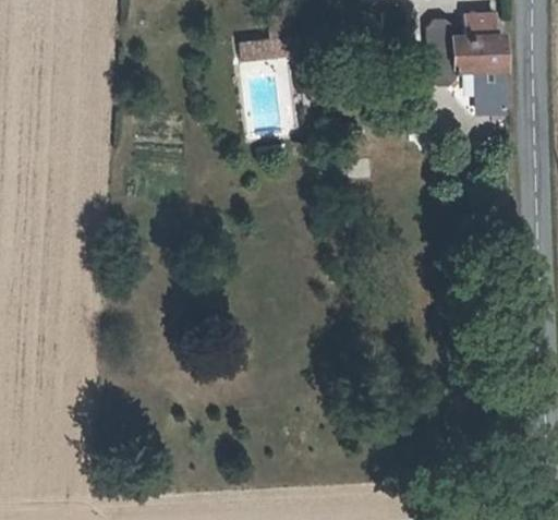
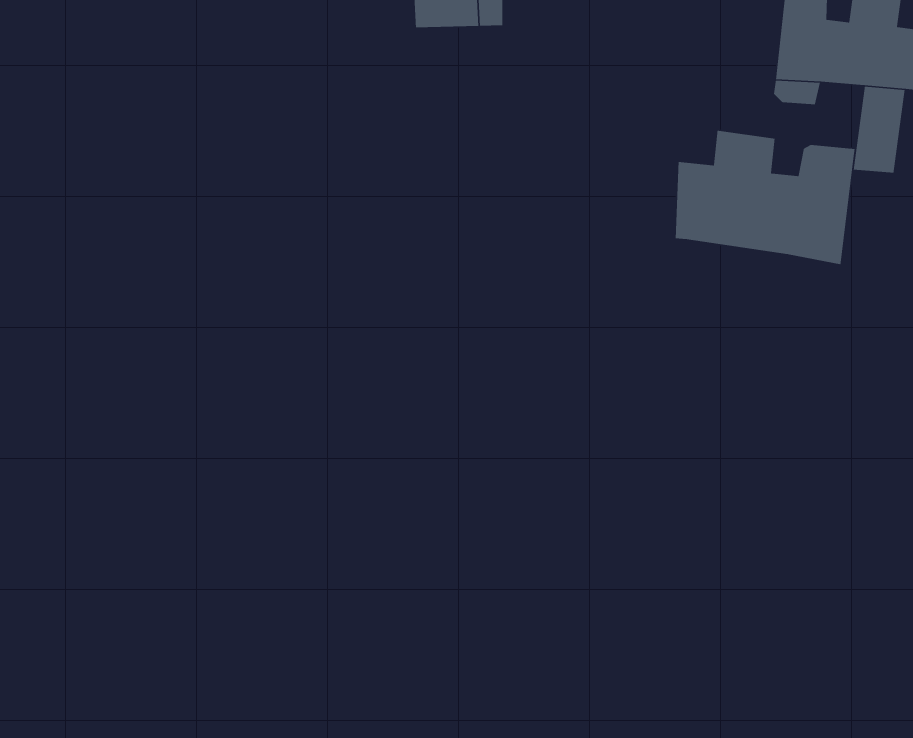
building: none -> [675,130,855,265]

